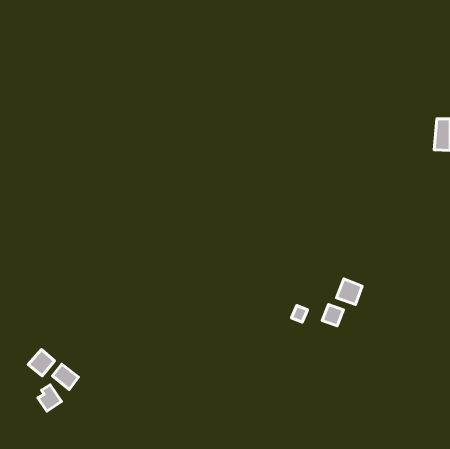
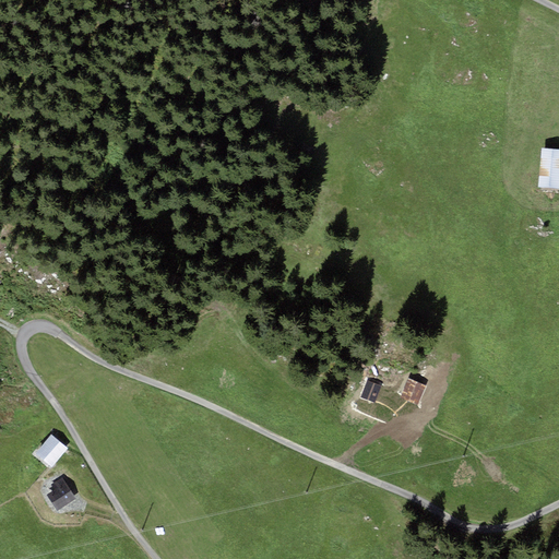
building: [337,279,362,304] -> none
building: [53,364,78,390] -> none

